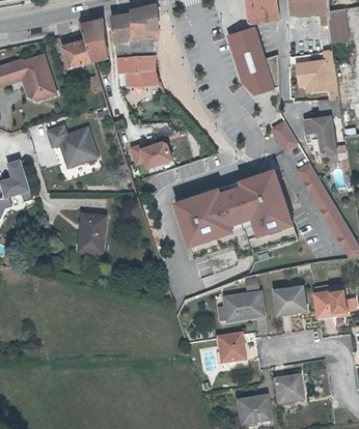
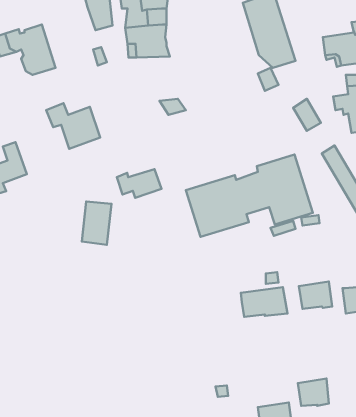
building: [60,38,91,66] -> none
building: [130,142,170,168] -> [117,169,161,198]
building: [220,334,244,362] -> none

